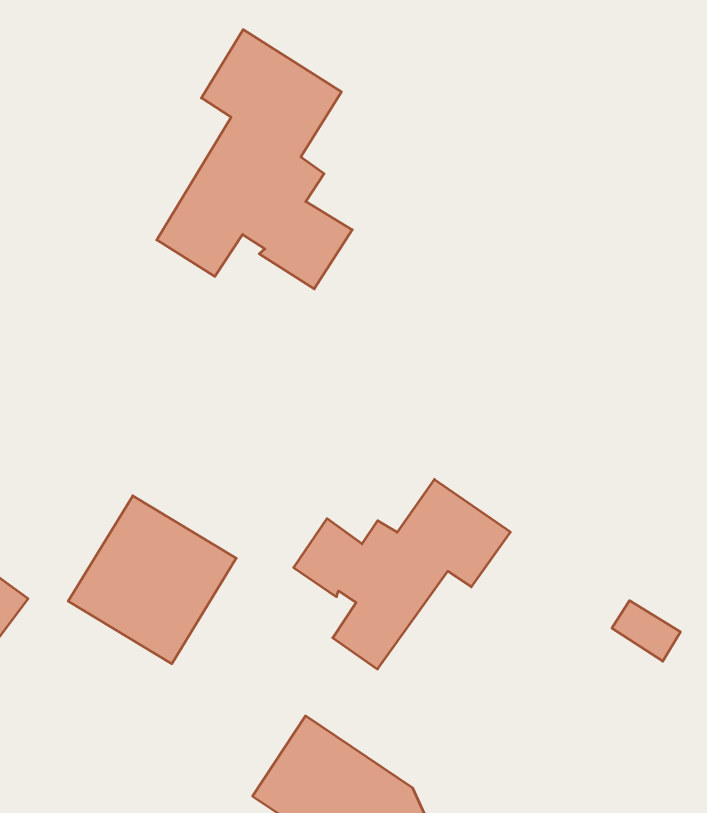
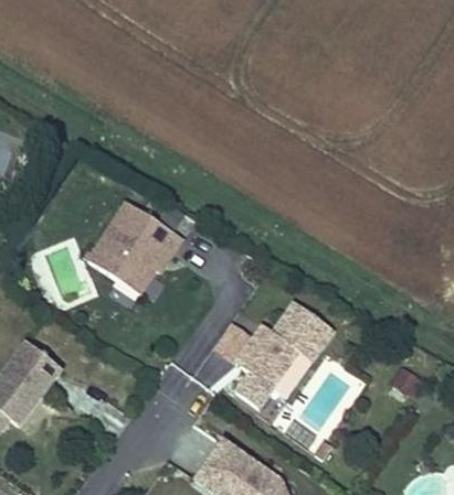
building: [157,30,352,289] -> none
building: [68,496,236,664] -> [84,200,179,294]

